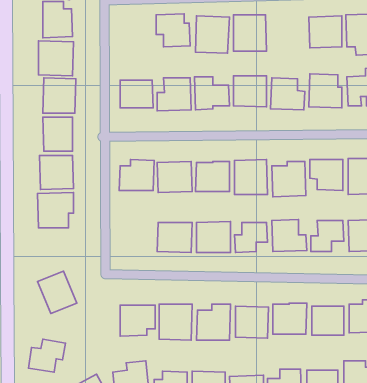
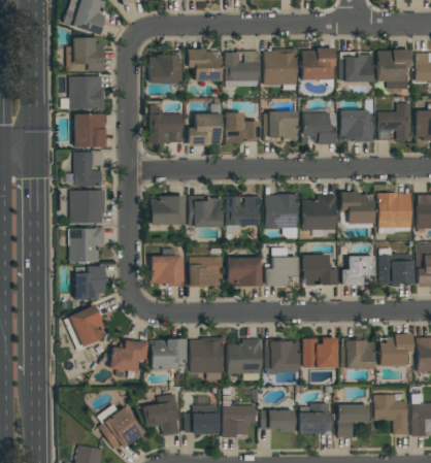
building: none -> [302,47,335,80]
building: none -> [150,55,184,84]
building: none -> [151,255,181,285]
building: none -> [75,266,105,300]
building: [28,339,66,372] -> [111,339,148,372]

